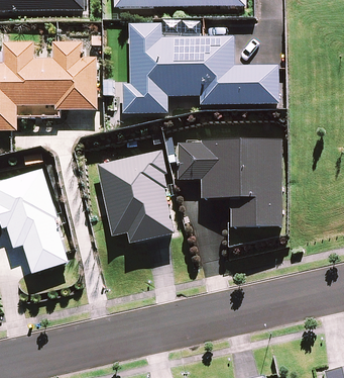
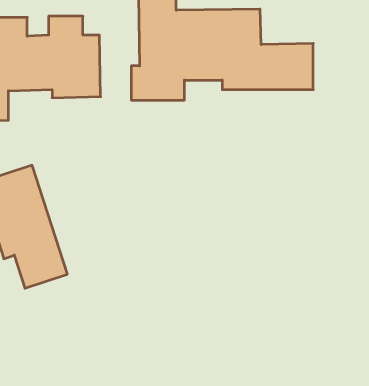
building: [178,138,282,226] -> none
building: [97,150,174,244] -> none

